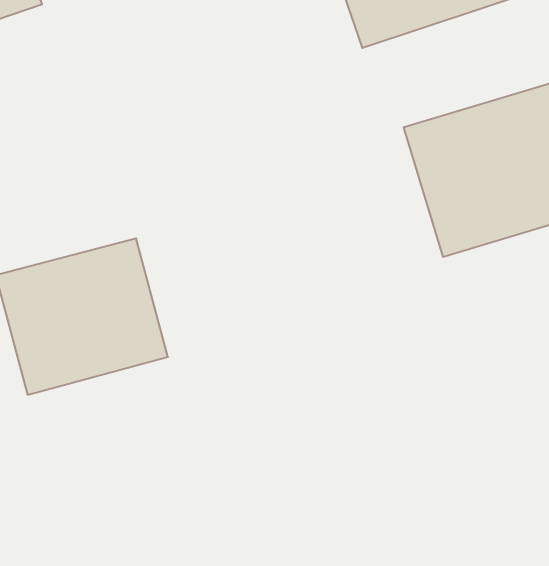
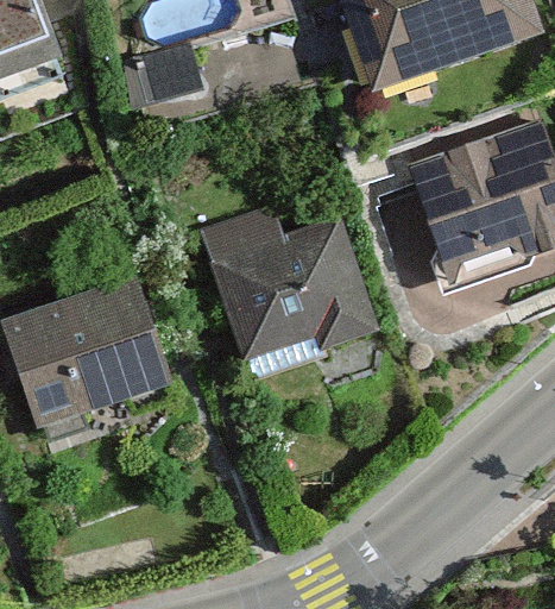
building: none -> [200,207,383,375]

